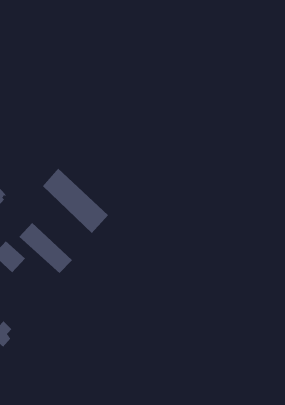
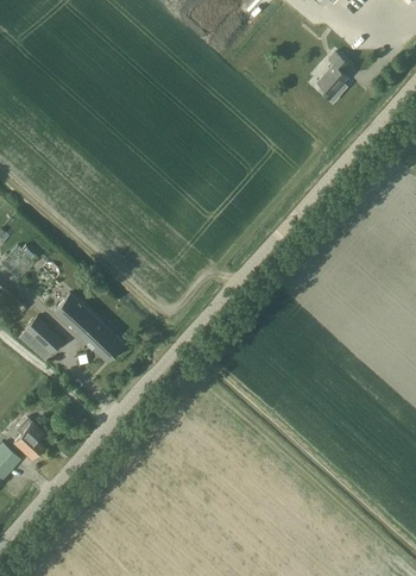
building: none -> [317,54,348,102]
building: [42,168,109,234] -> none

